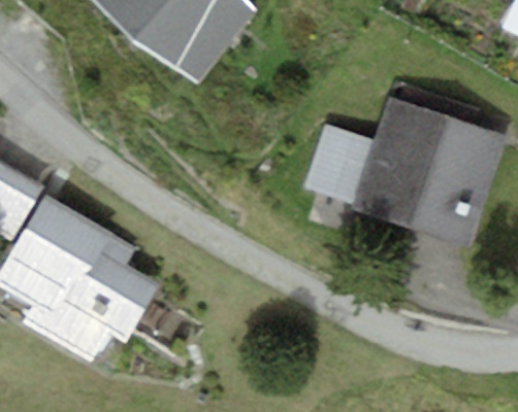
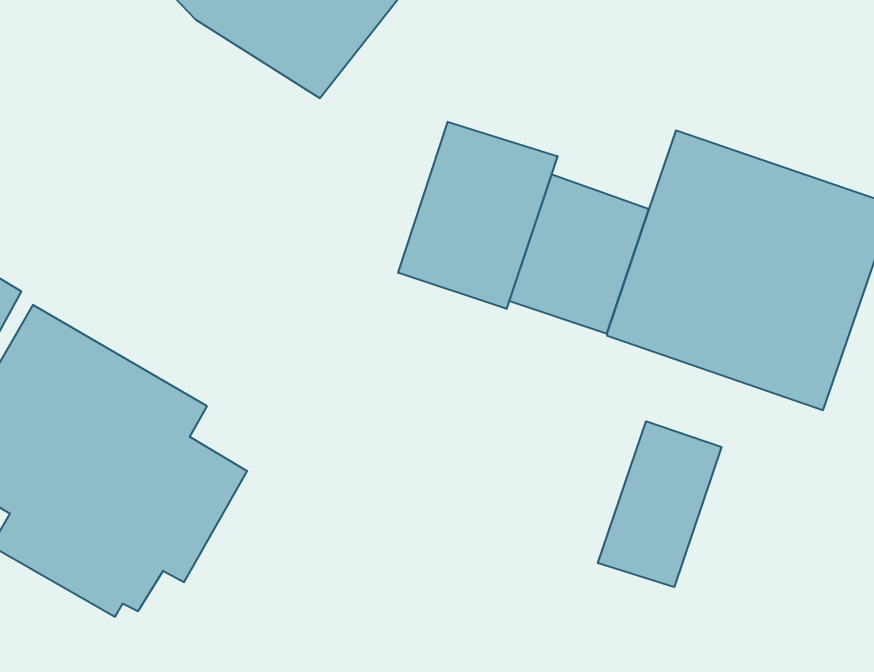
building: none -> [398,122,558,309]
building: none -> [598,421,721,587]

